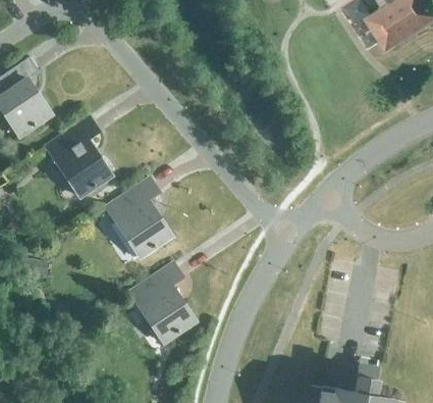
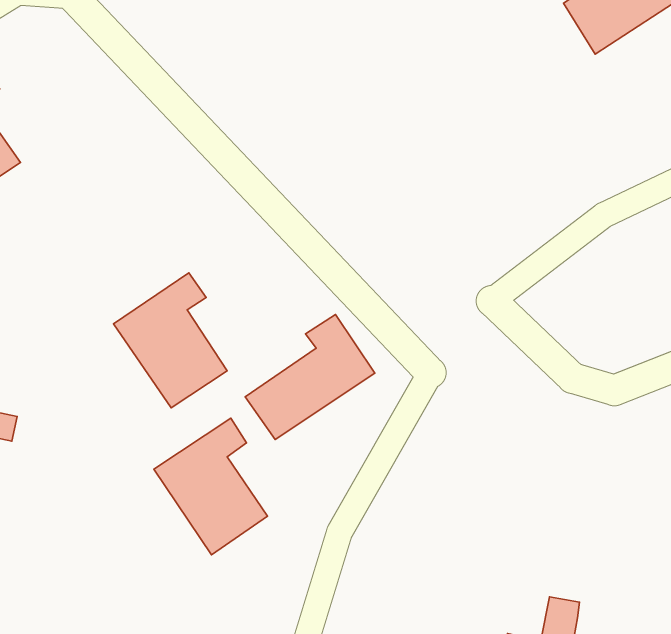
building: [45,117,111,197] -> none
building: none -> [245,314,375,440]

